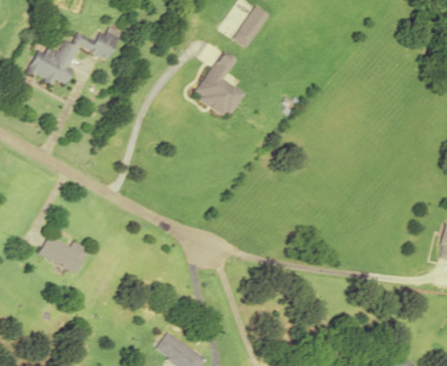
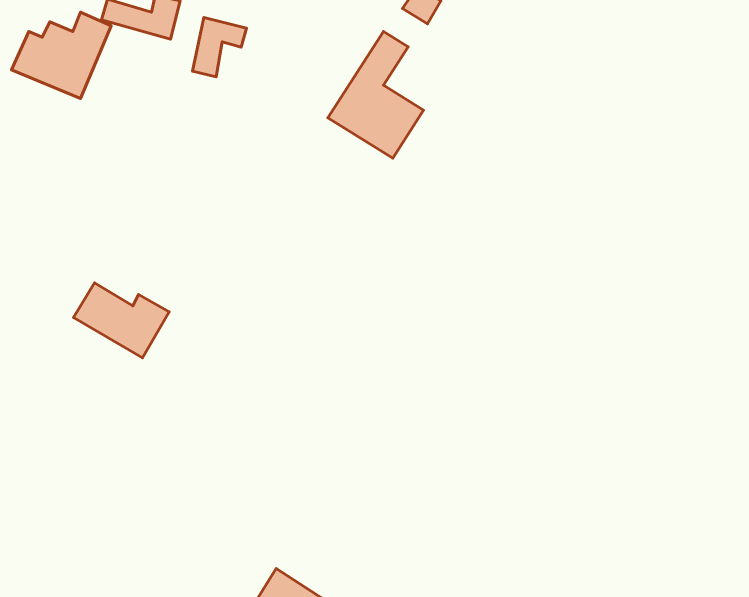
building: none -> [193,18,246,77]
building: [40,235,90,274] -> [73,283,169,358]

